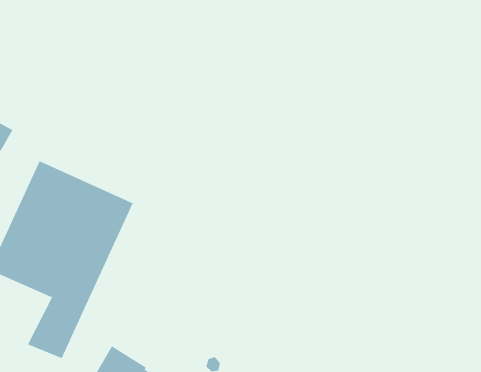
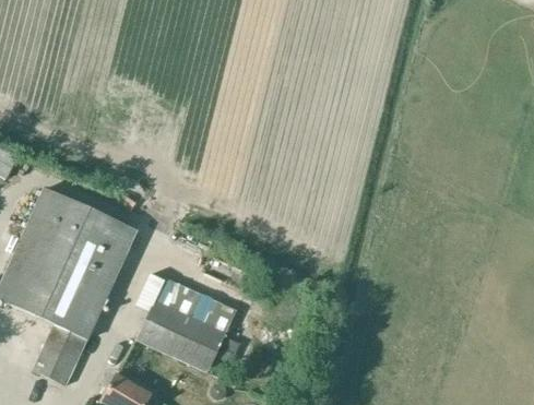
building: none -> [134,275,237,372]

